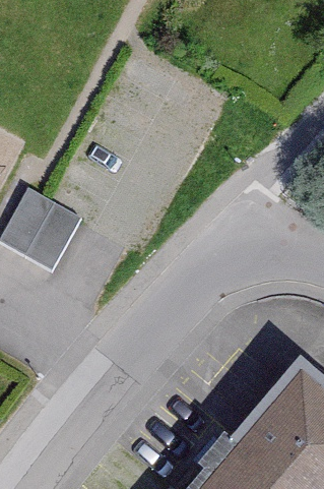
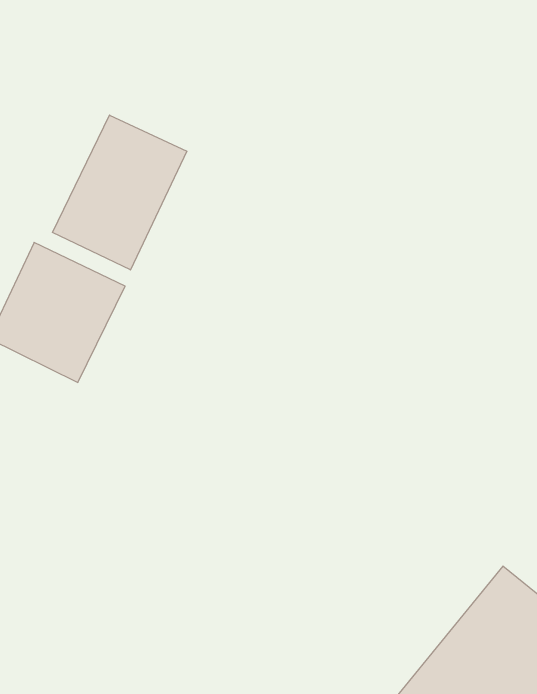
building: none -> [53,115,187,270]

